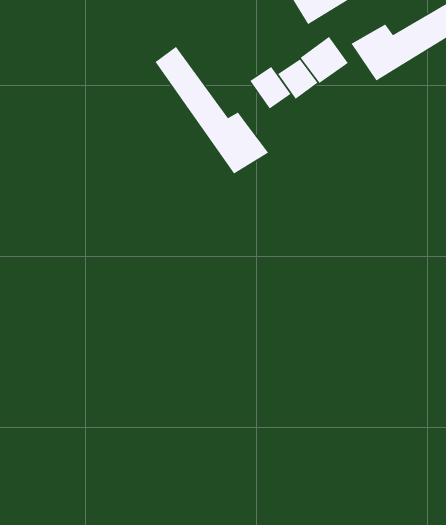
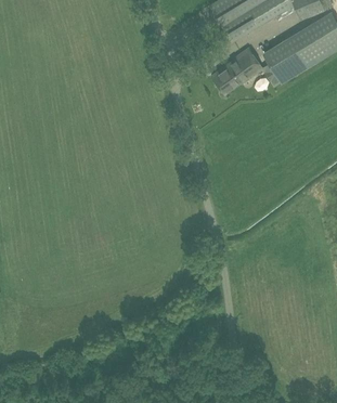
building: [154,46,269,175] -> none
building: [250,65,292,110] -> none

